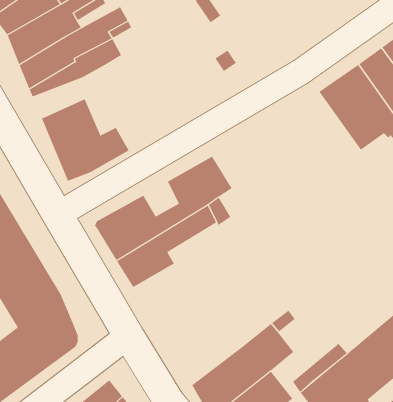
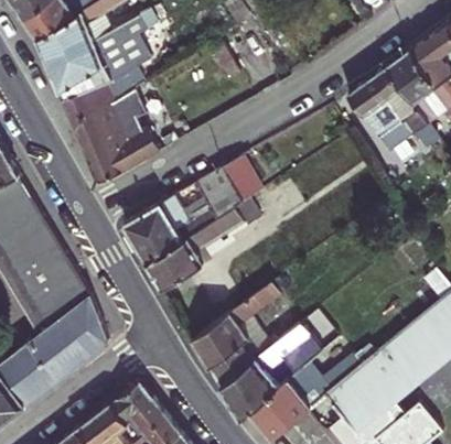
building: none -> [61,68,142,121]
building: none -> [191,282,281,387]

